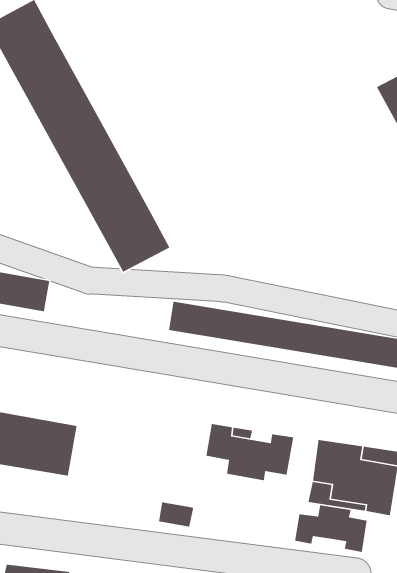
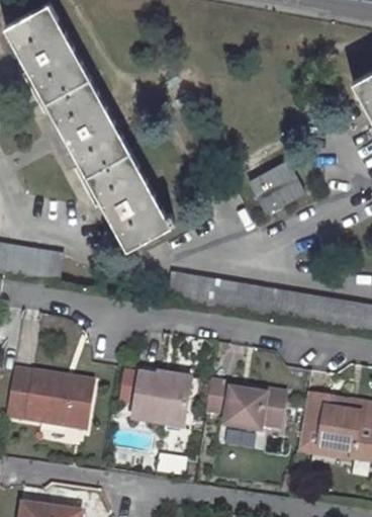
building: none -> [249,160,303,212]
building: none -> [113,372,186,428]
building: [294,504,368,553] -> none

